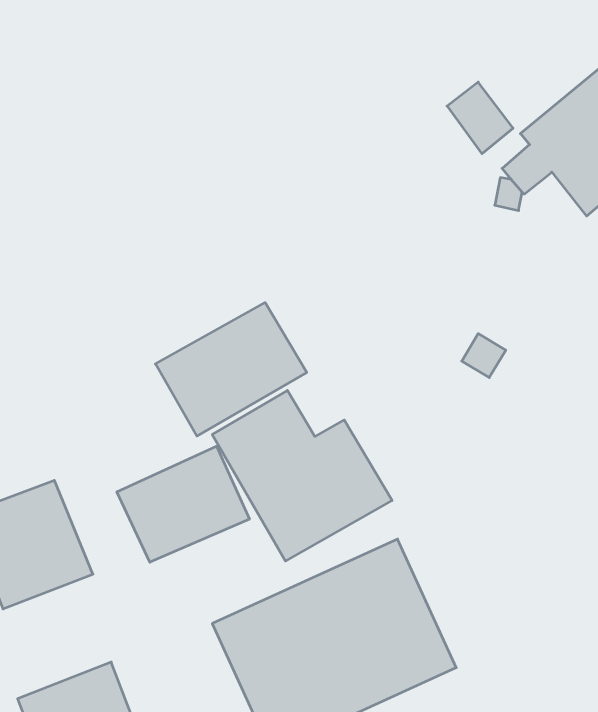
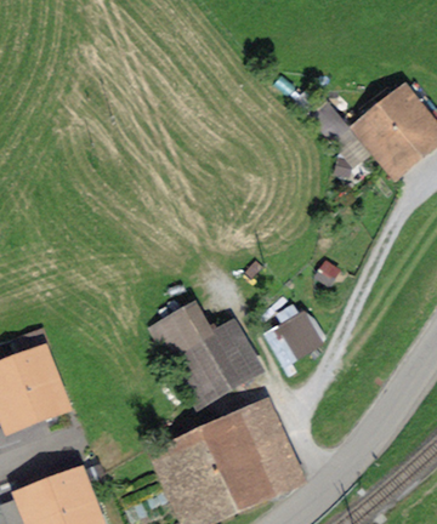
building: [155,303,307,436] -> none
building: none -> [260,306,323,365]
building: [117,446,249,562] -> none

